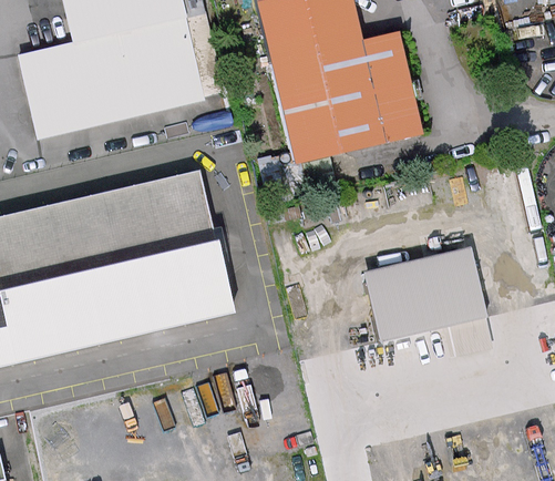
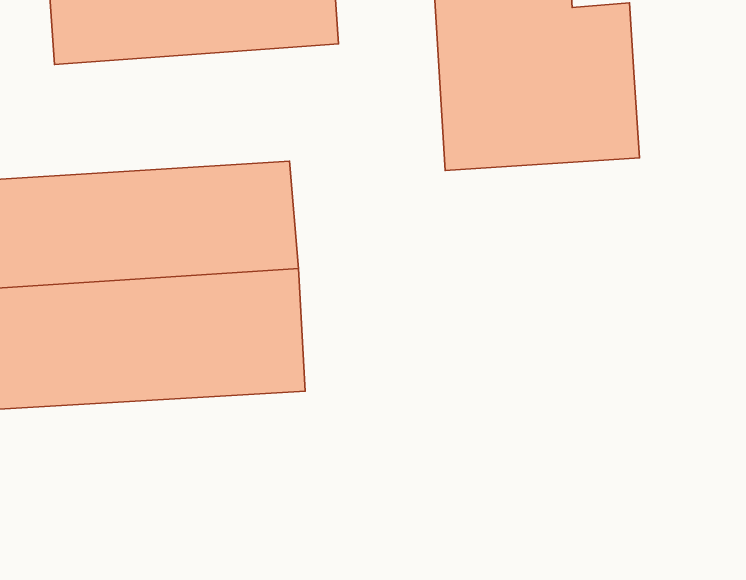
building: [368,249,484,340] -> none

